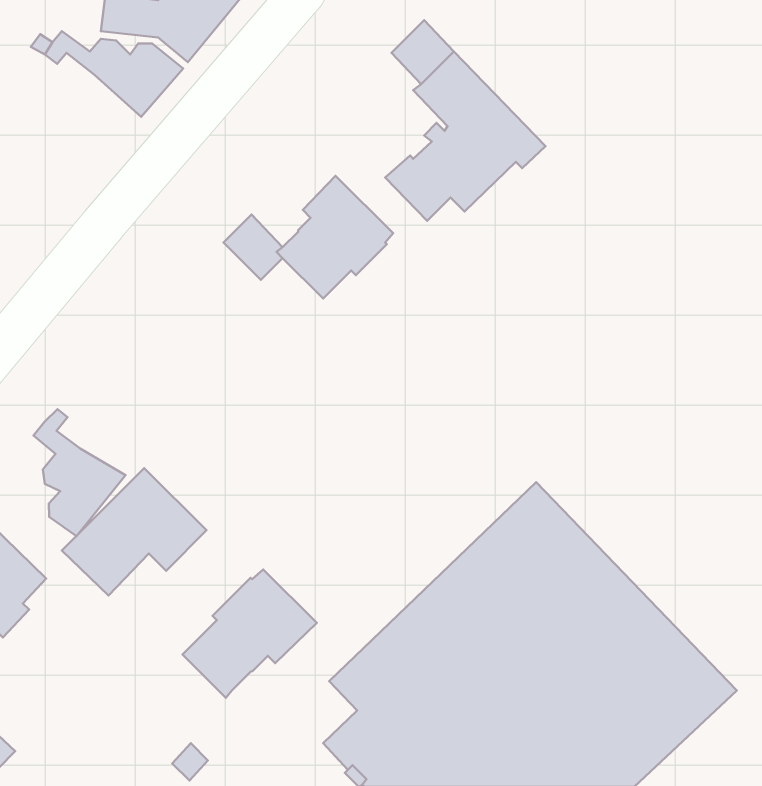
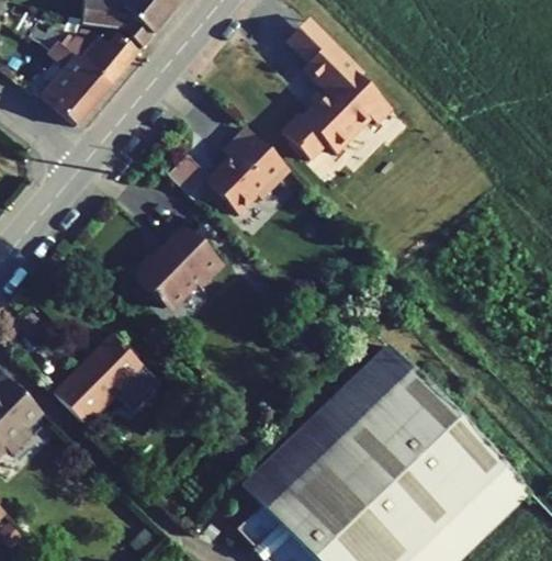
building: none -> [43,42,110,126]
building: none -> [132,225,224,307]
building: [34,409,126,536] -> none
building: [183,569,317,698] -> none

